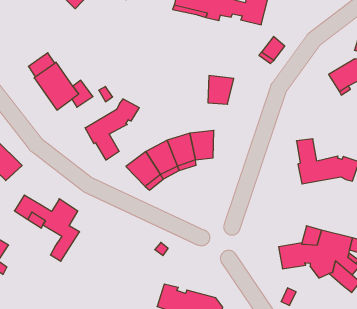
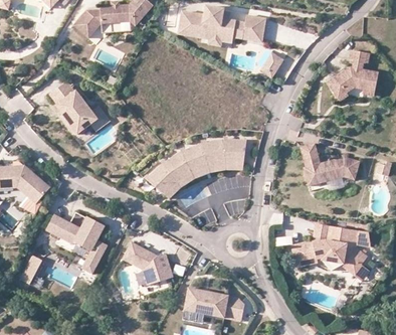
building: [208,76,234,104] -> [224,142,247,167]
building: [85,99,139,160] -> none
building: none -> [123,240,174,284]

